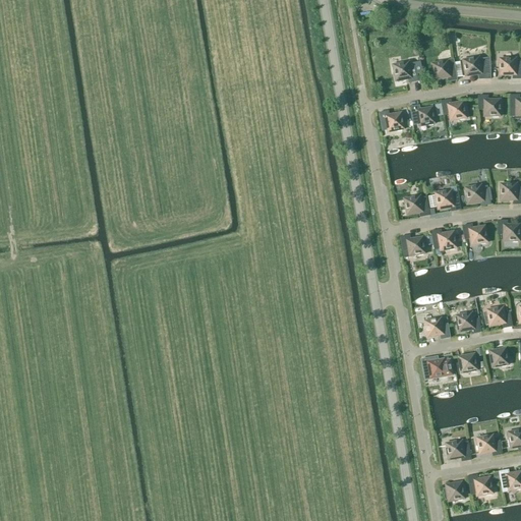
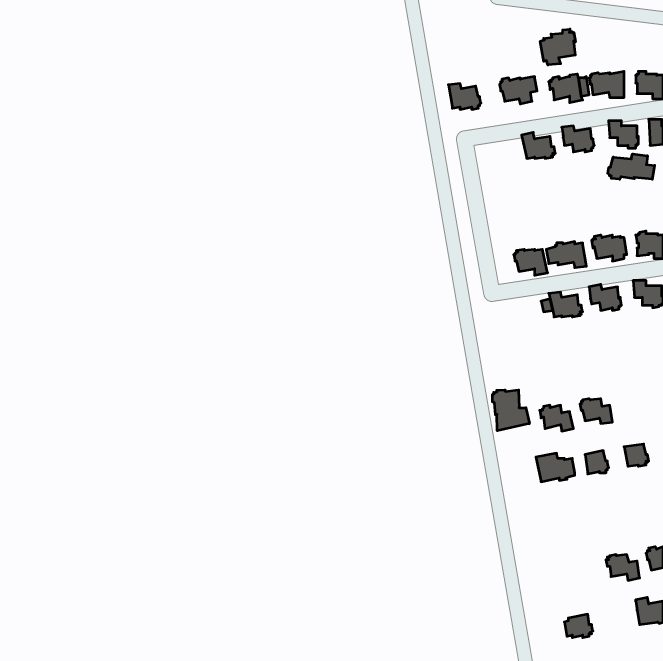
building: none -> [540,29,575,65]
building: [379,110,404,130] -> [448,84,481,109]
building: none -> [608,154,655,179]
building: [400,234,425,255] -> none
building: none -> [492,390,529,431]
building: [483,306,512,327] -> none
building: [445,440,470,460] -> none
building: [467,474,494,495] -> none

